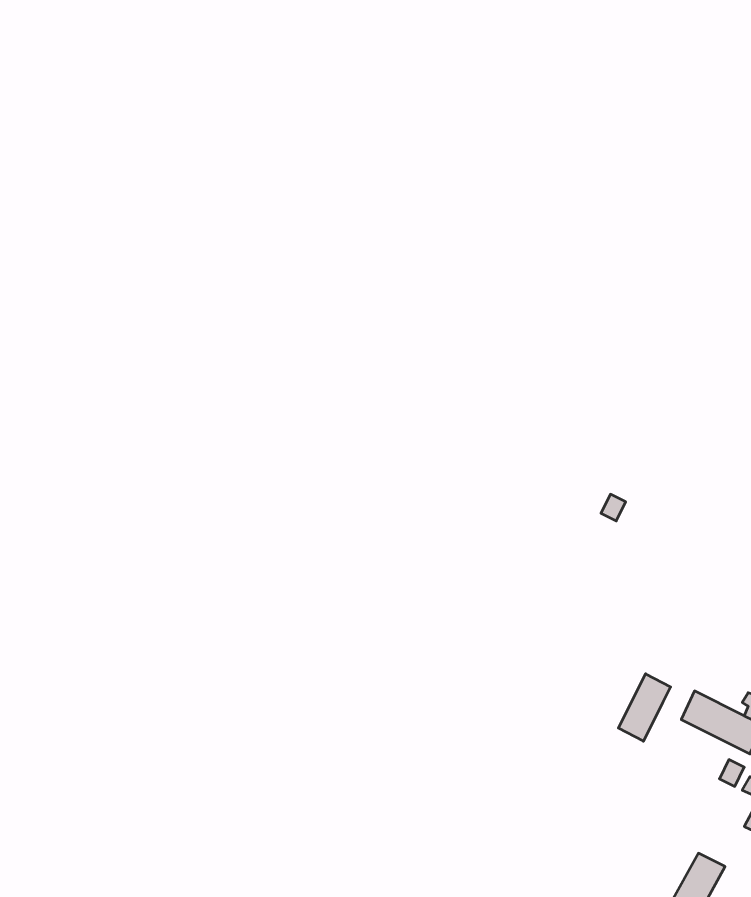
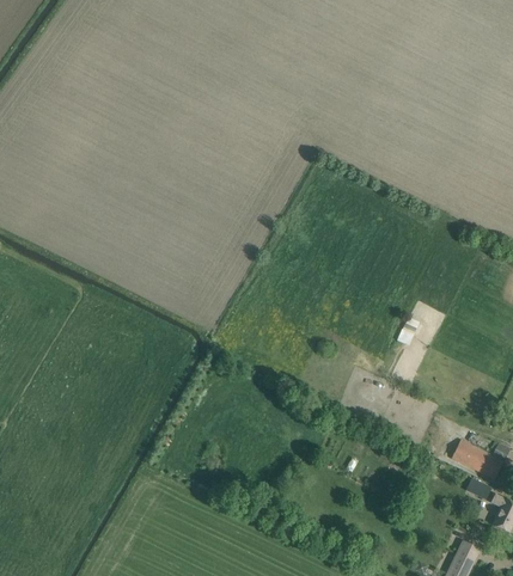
building: [618,674,671,741] -> none

